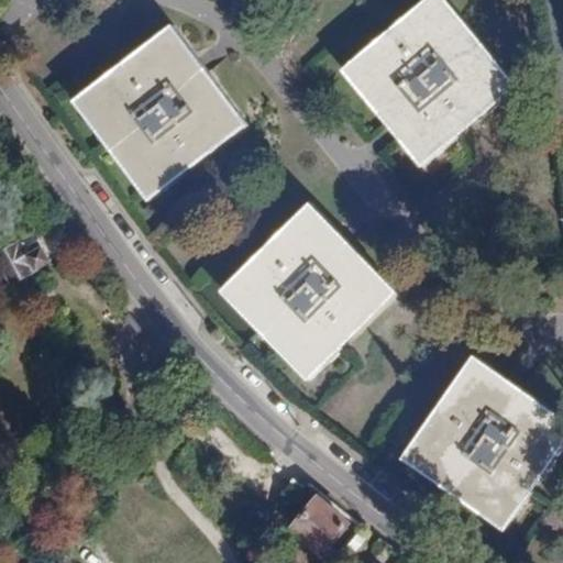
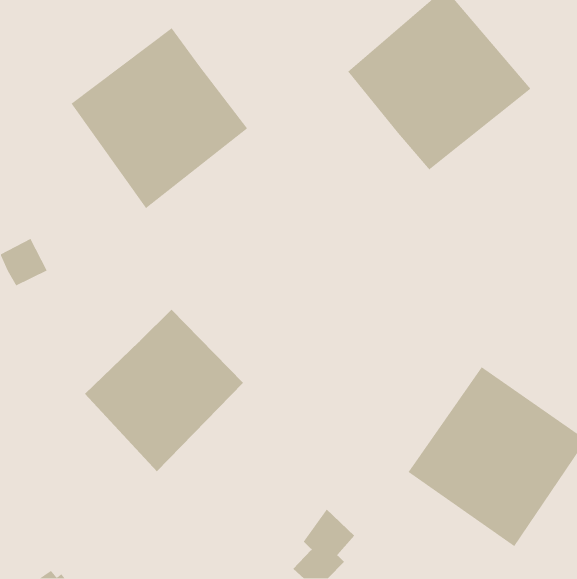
building: [218,203,395,380] -> none
building: none -> [84,309,244,472]

